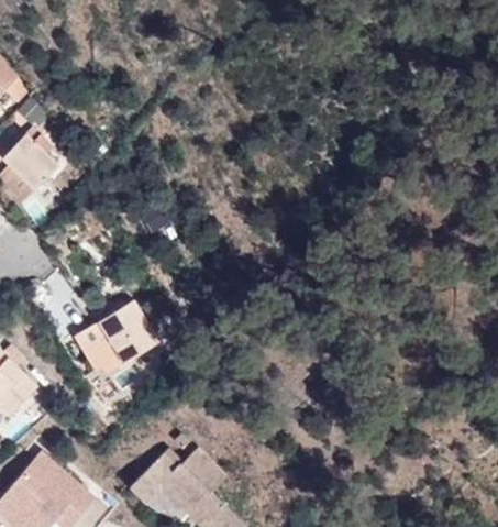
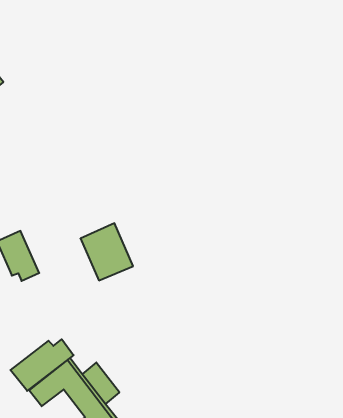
building: [98,299,157,362] -> [80,223,133,280]
building: none -> [10,339,74,391]

